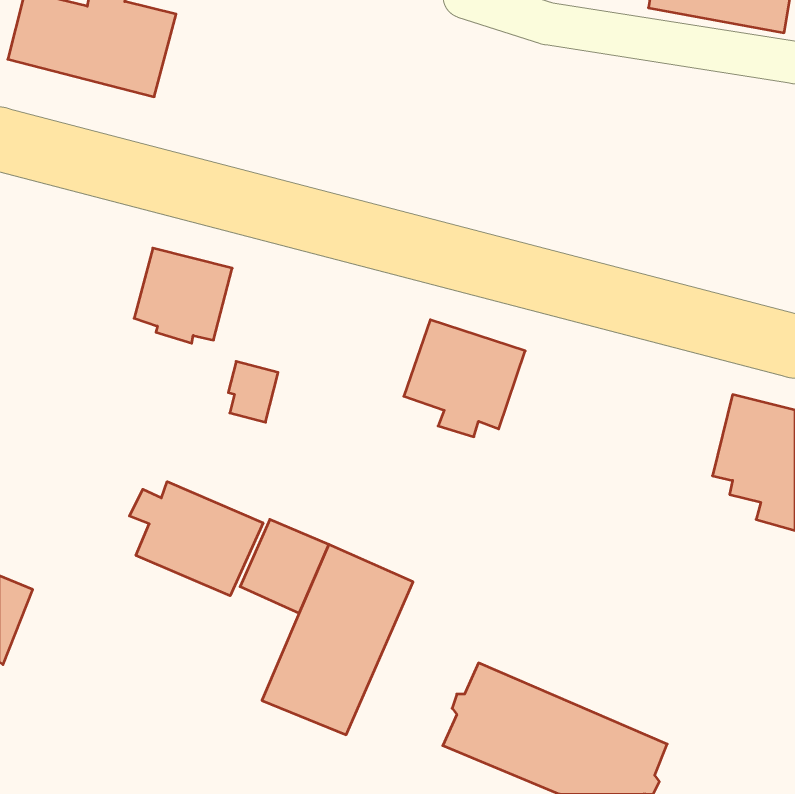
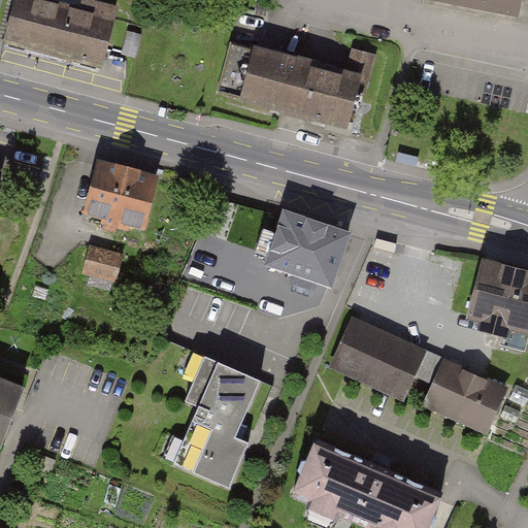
building: none -> [219,44,358,124]
building: [228,361,278,422] -> [87,249,120,289]
building: [129,482,263,596] -> none
building: none -> [335,322,421,394]
building: none -> [427,362,504,428]

